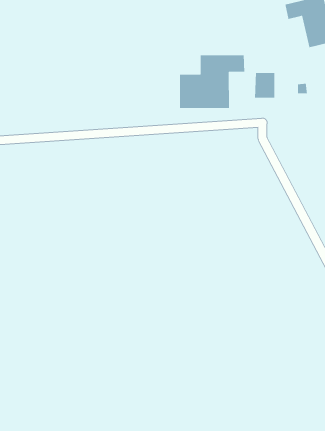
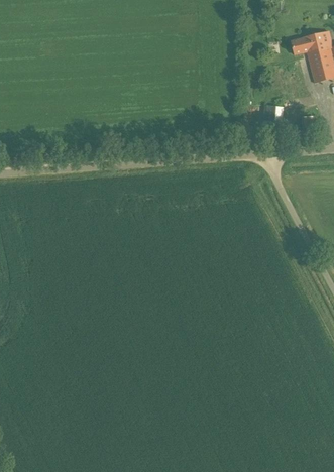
building: [179,54,245,109] -> none

